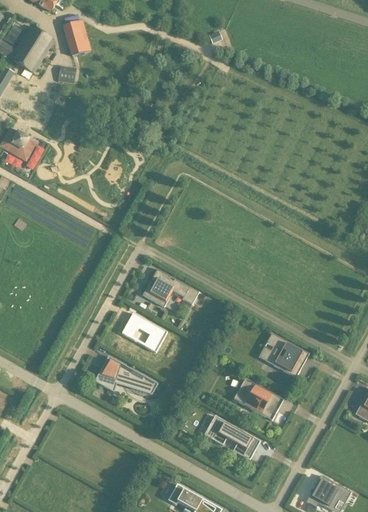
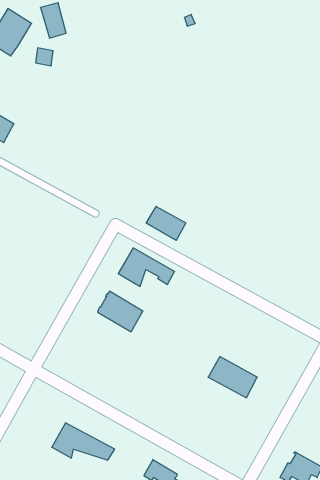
building: none -> [146,206,186,240]
building: [265,332,309,377] -> none
building: [94,356,158,394] -> [52,423,115,460]
building: [204,415,260,460] -> none

